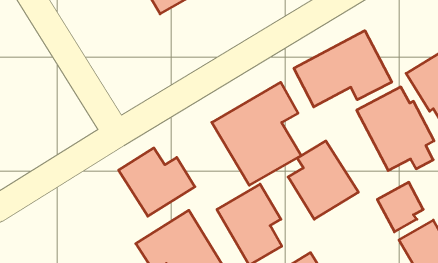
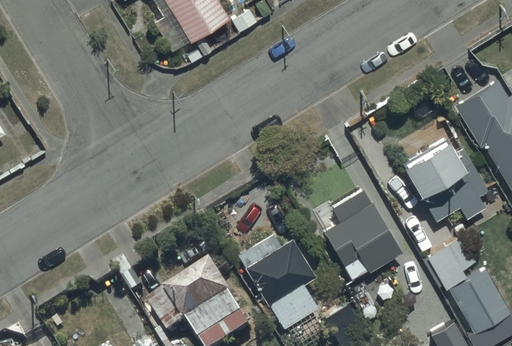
building: [294,31,392,107] -> none
building: [212,82,301,185] -> none
building: [119,148,195,216] -> none

